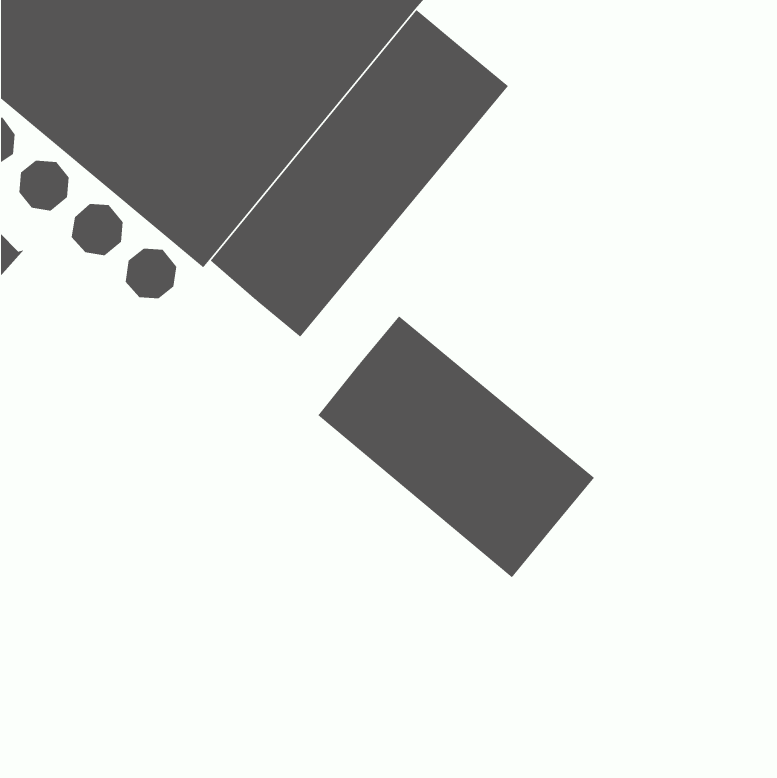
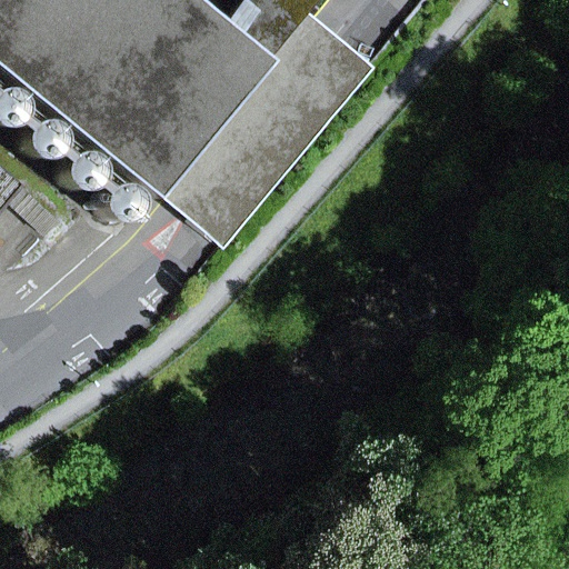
building: [317,315,595,578] -> none

